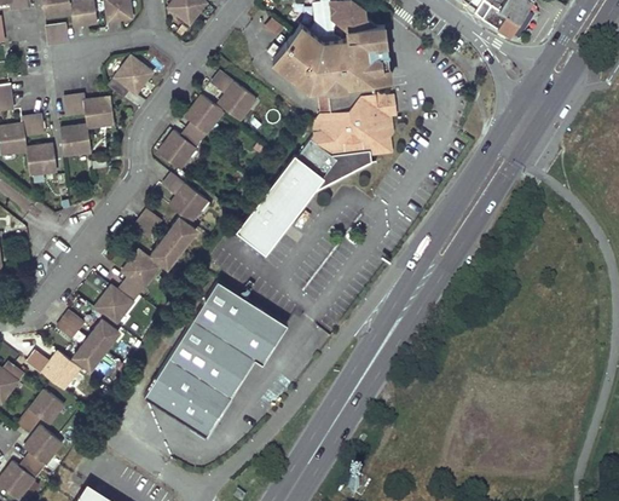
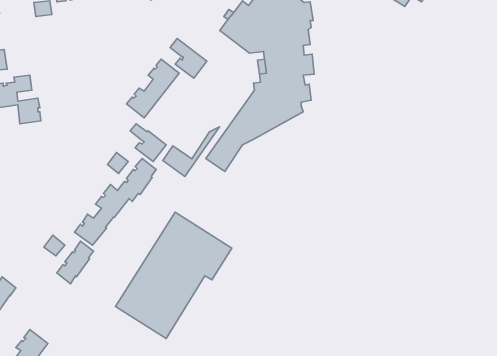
building: [109,54,152,94] -> none
building: [60,93,114,155] -> none
building: [243,194,312,254] -> [163,127,220,177]
building: [28,350,81,388] -> none
building: [19,388,64,428] -> none

